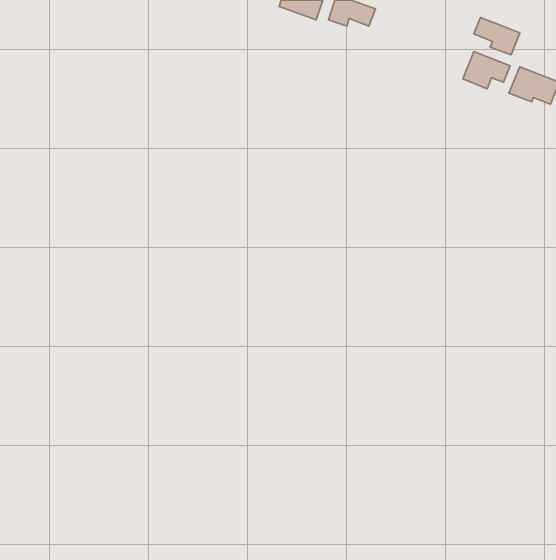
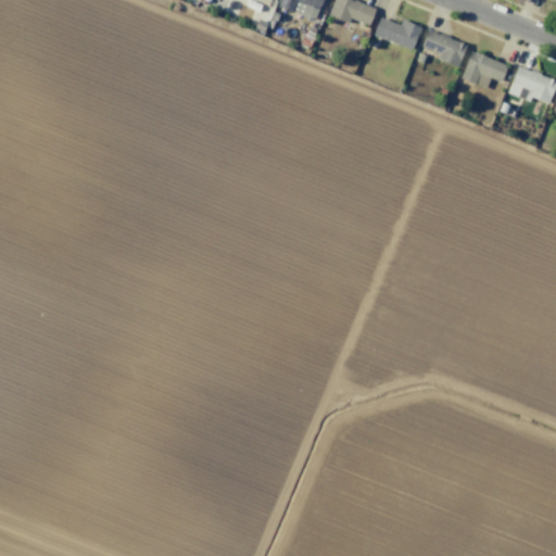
building: none -> [375,16,421,50]
building: [474,18,520,55] -> [422,29,468,66]

